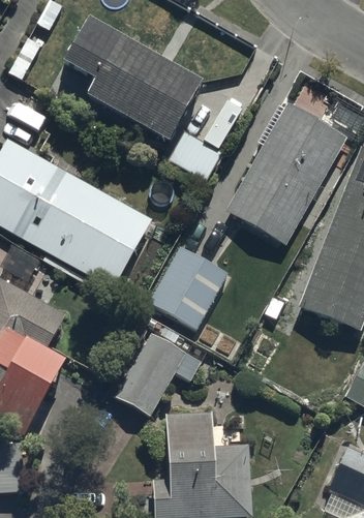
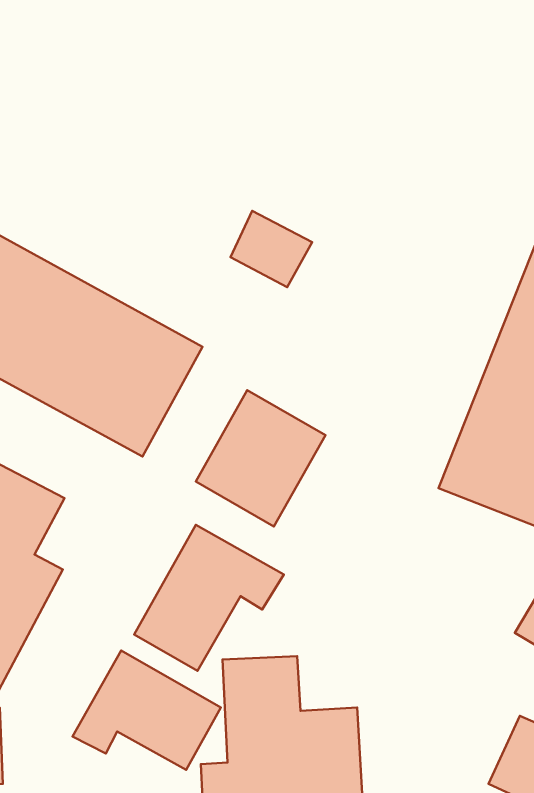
building: [62,13,202,140] -> none
building: [225,103,347,249] -> none
building: none -> [72,650,221,770]

